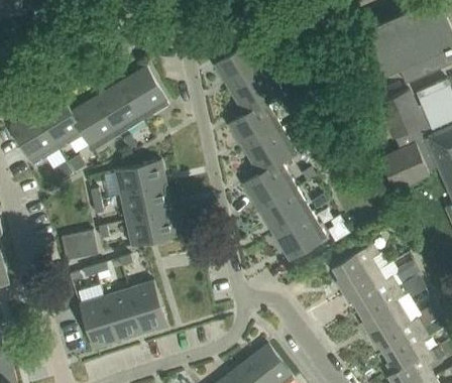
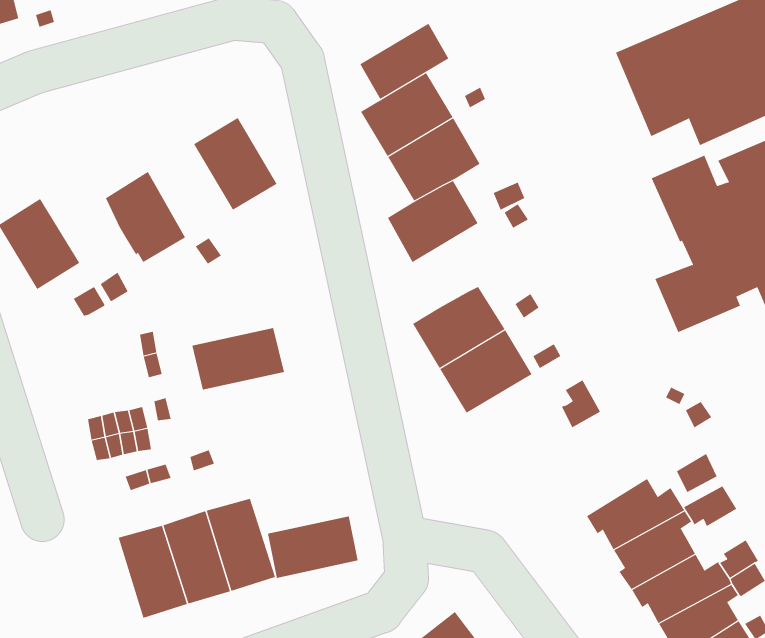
building: none -> [359,23,449,100]
building: [96,83,143,135] -> none
building: [35,97,83,149] -> none
building: [244,127,298,174] -> none
building: [115,159,166,196] -> none
building: [126,211,178,246] -> [267,516,359,579]
building: [274,212,327,259] -> none
building: [332,245,376,291] -> none

